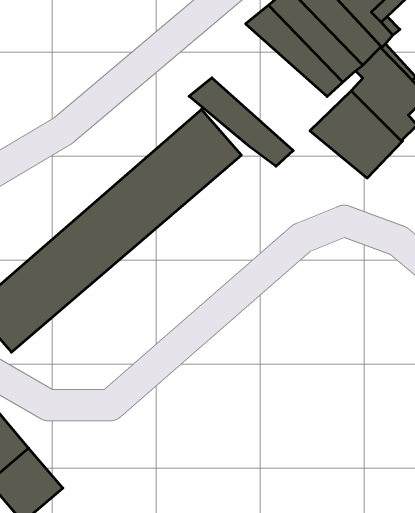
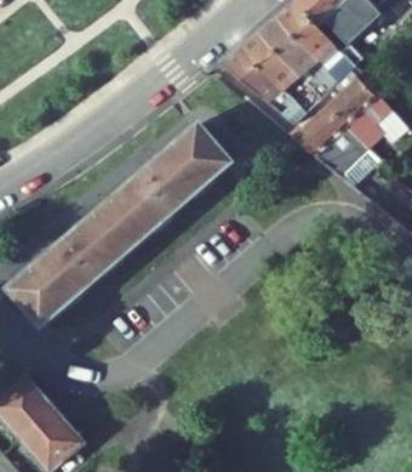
building: [189,78,293,166] -> [219,47,308,123]

